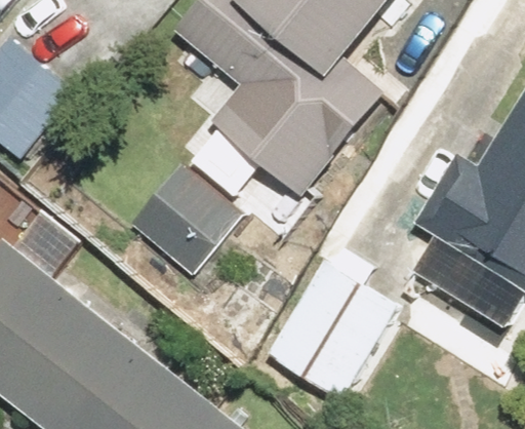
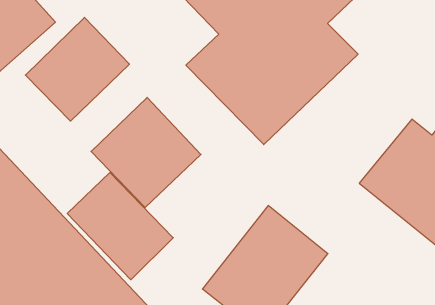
building: none -> [25,17,129,121]
building: none -> [67,173,173,280]

